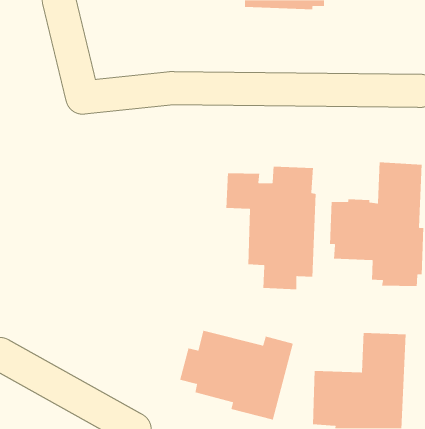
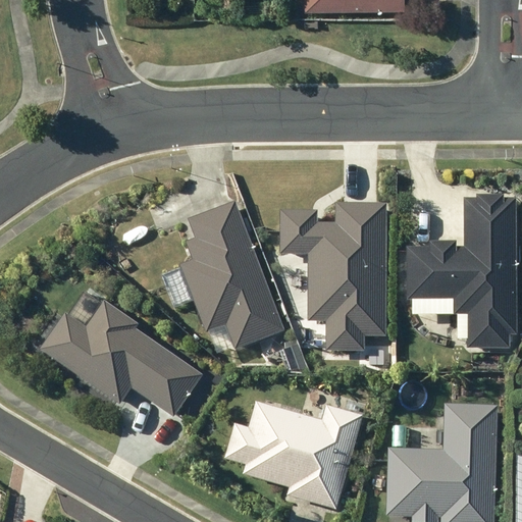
building: none -> [178,201,285,356]
building: none -> [38,301,205,417]

